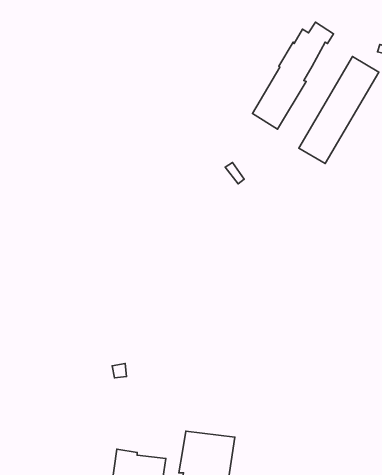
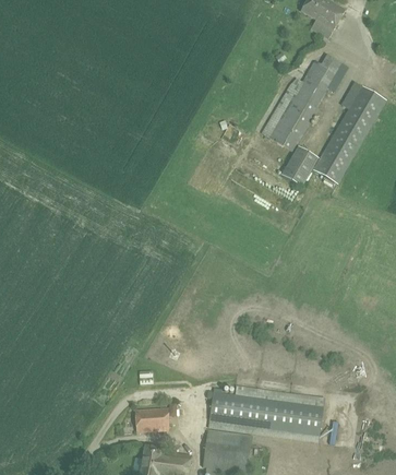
building: none -> [280,146,319,188]
building: none -> [208,391,324,436]
building: none -> [134,407,170,432]

